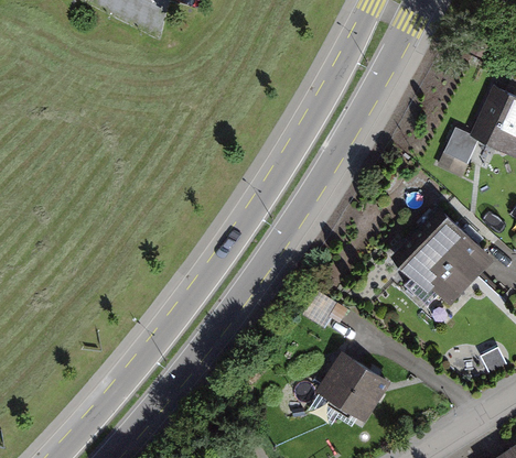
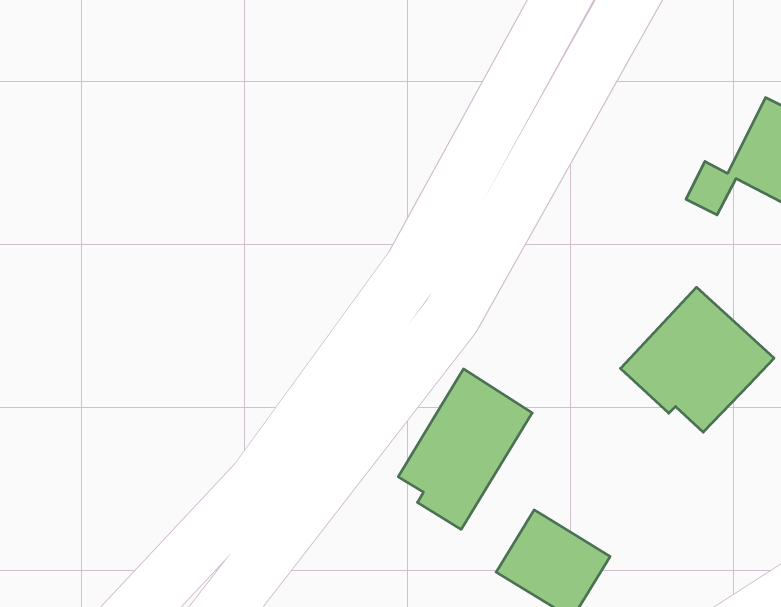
building: none -> [398,369,532,529]

